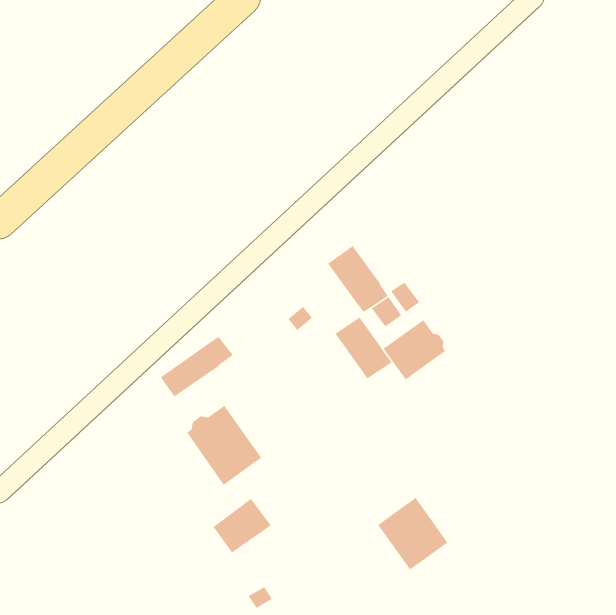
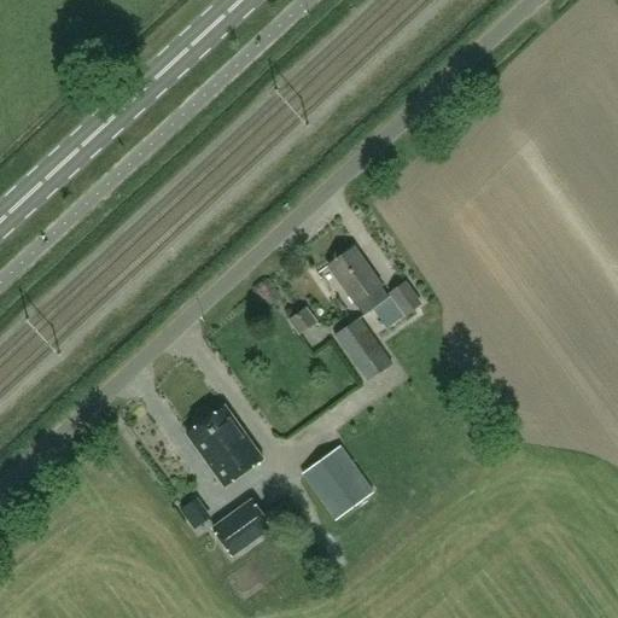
building: [383,319,446,381] -> none
building: [160,336,234,397] -> none
building: [377,497,448,571] -> [302,444,373,518]

